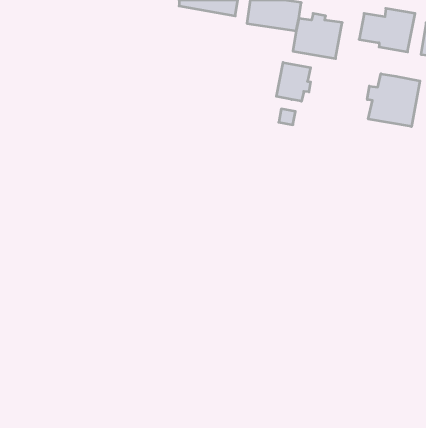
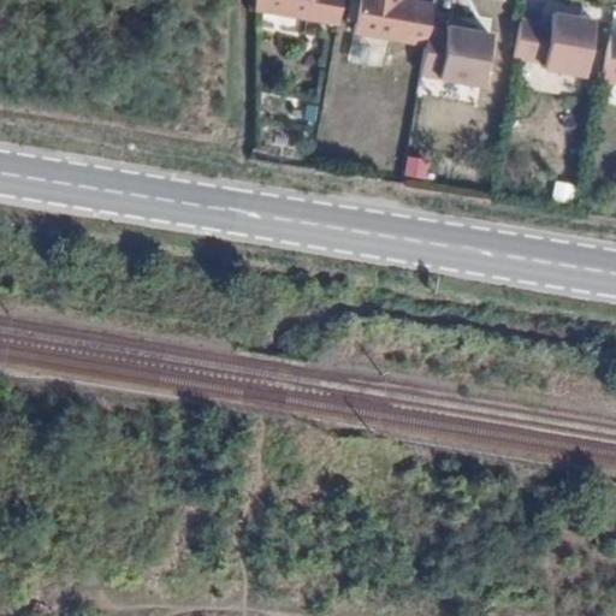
building: [276,62,311,101] -> none
building: [367,74,420,127] -> none

